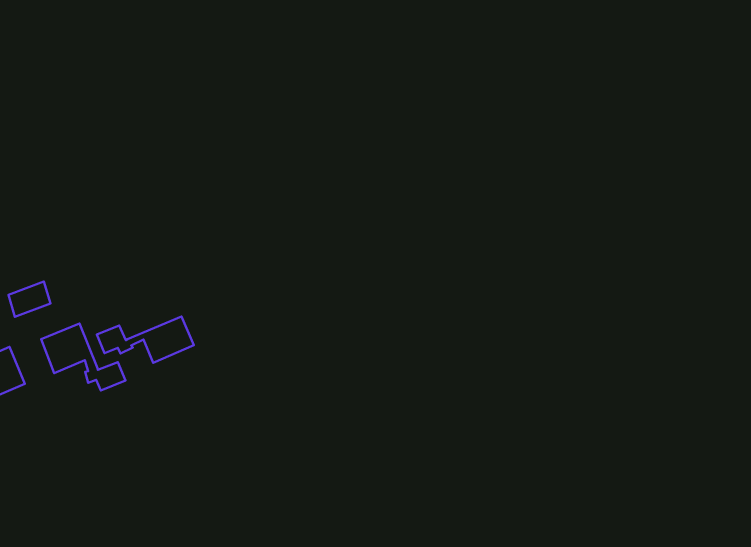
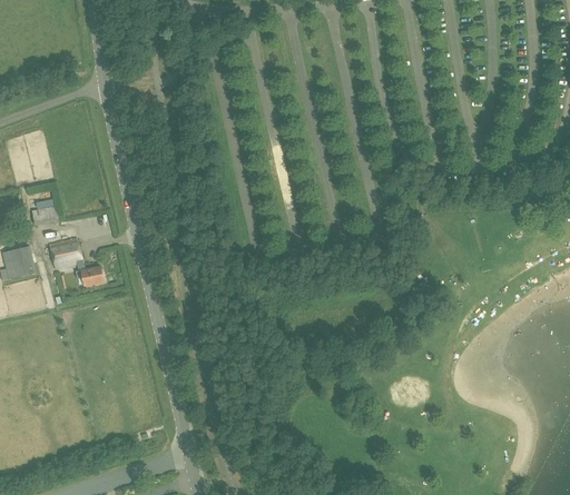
building: [97,317,194,363] -> none

